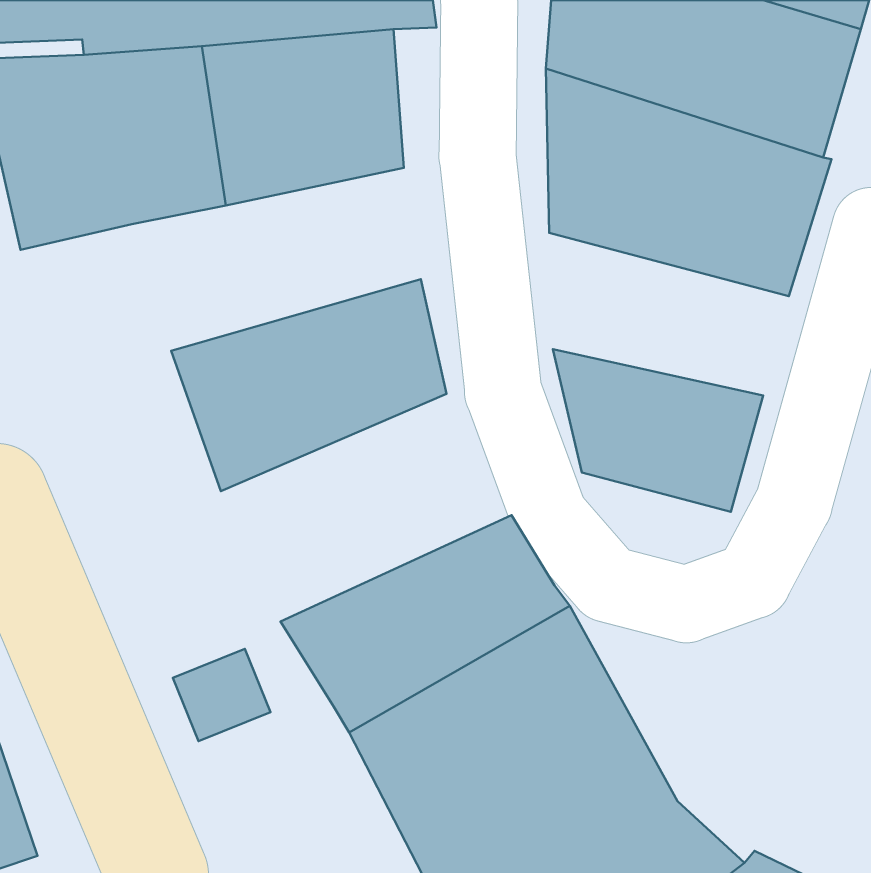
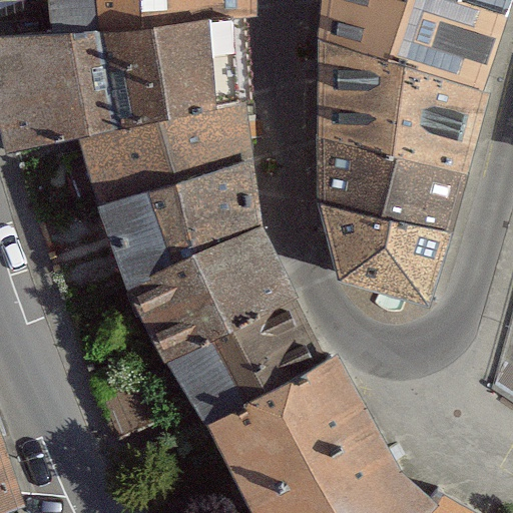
building: none -> [77,99,246,206]
building: none -> [322,137,462,232]
building: none -> [129,231,300,365]

